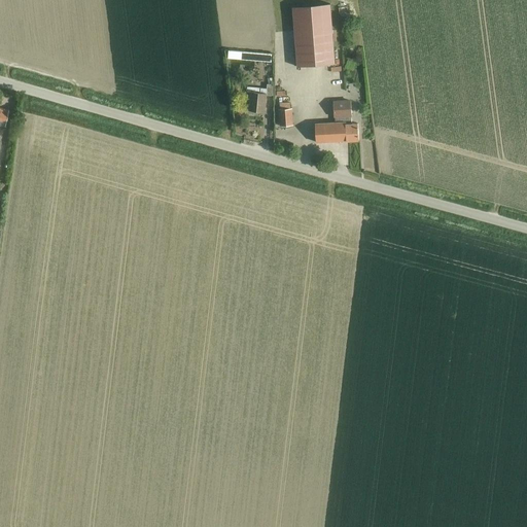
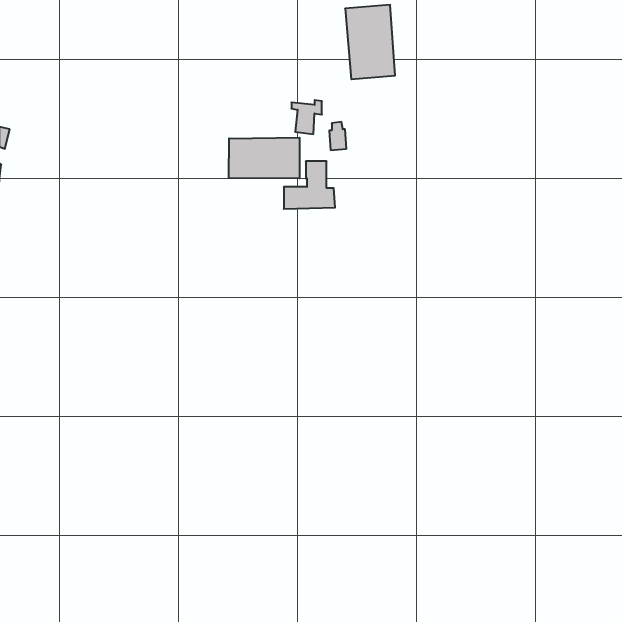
building: [315,102,358,142] -> [284,161,335,209]
building: none -> [229,138,300,178]

